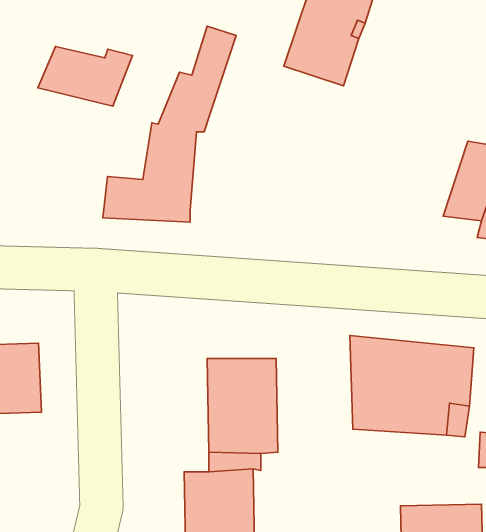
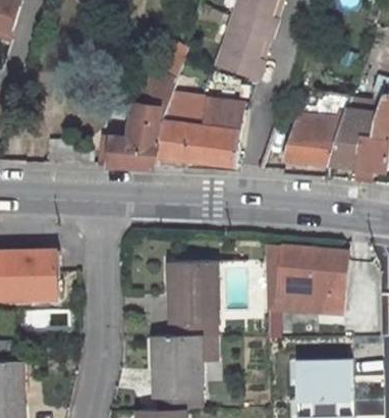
building: [38,47,132,106] -> none
building: none -> [157,88,245,167]
building: none -> [279,109,341,165]

